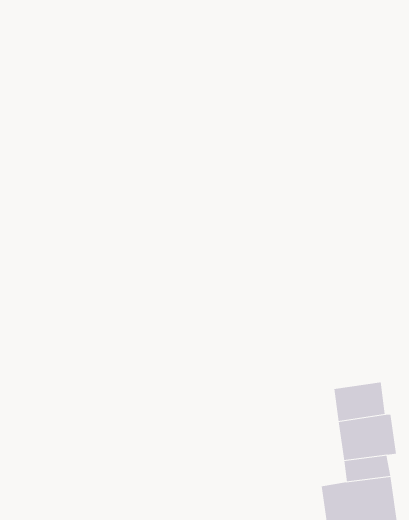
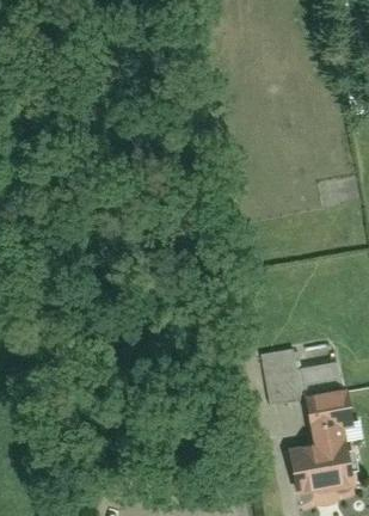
building: none -> [262,349,301,399]

